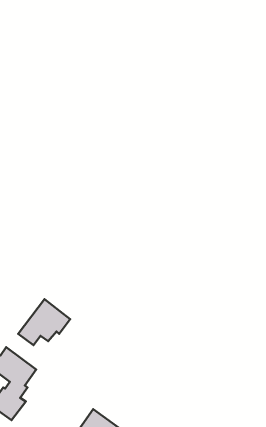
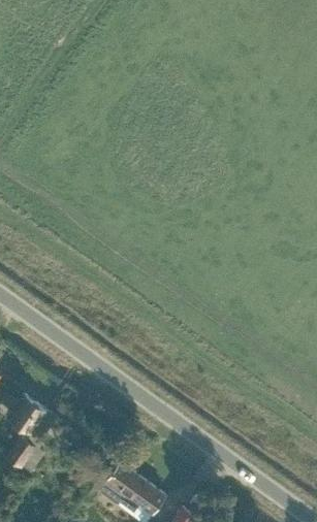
building: [18,299,70,345] -> none

